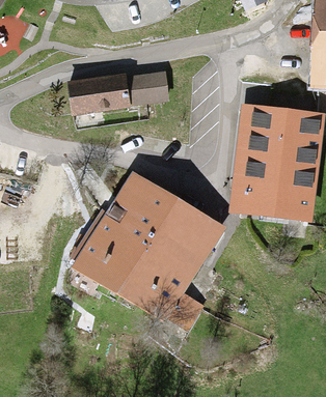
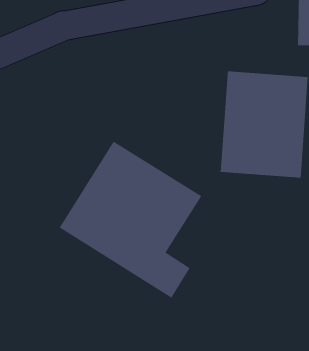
building: [70,73,163,111] -> none

